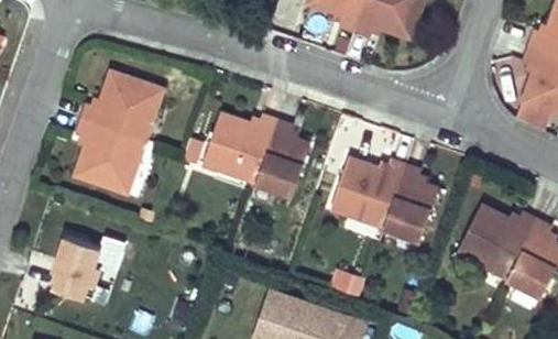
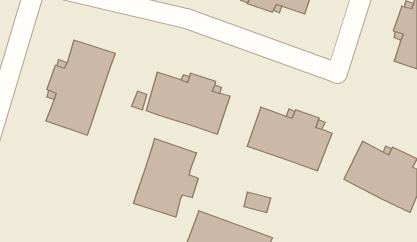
building: none -> [133,138,198,217]
building: [54,236,102,298] -> none

